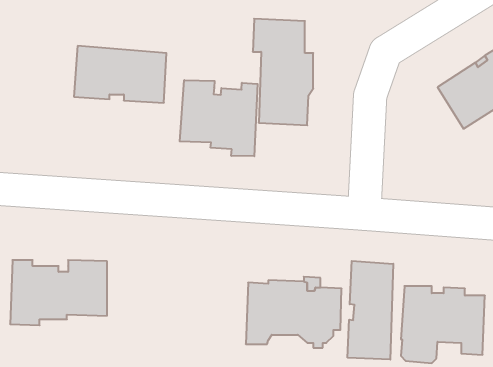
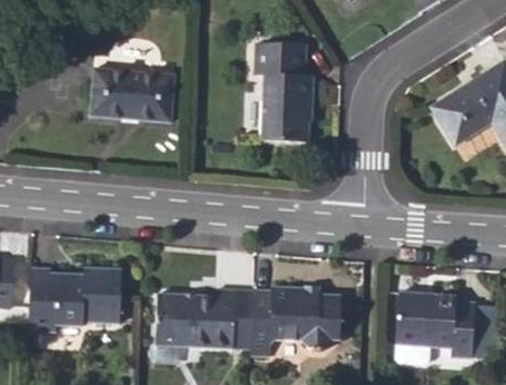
building: [180,80,258,156] -> none
building: [348,261,393,360] -> none
building: none -> [156,292,235,348]

